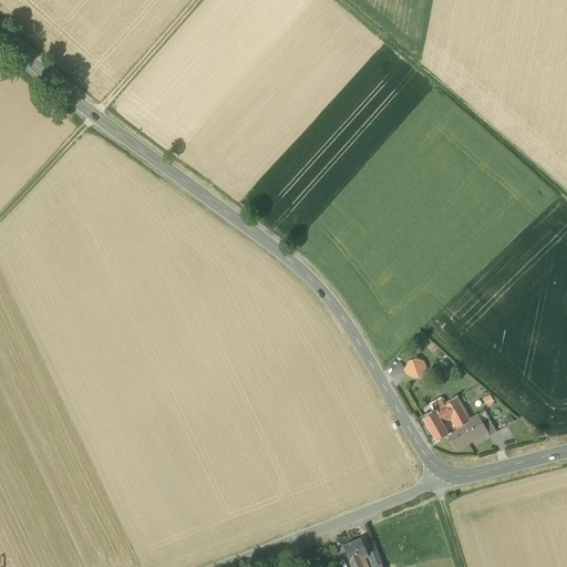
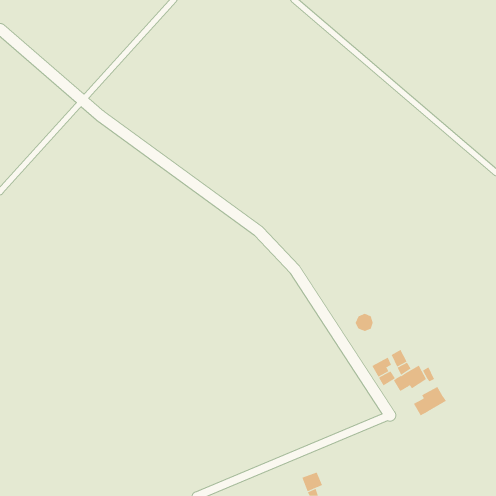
building: none -> [413,386,447,416]

